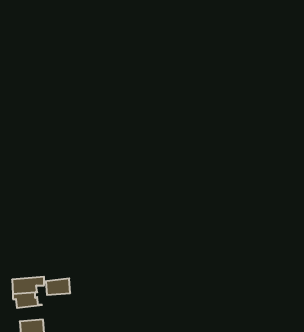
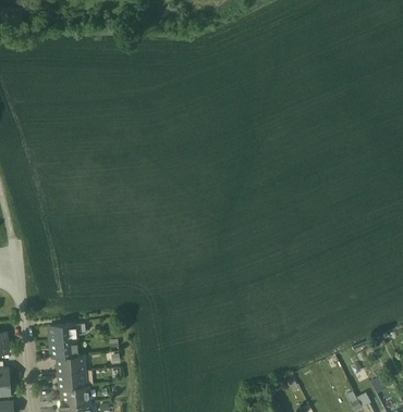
building: [44,278,70,295] -> [56,354,85,373]

